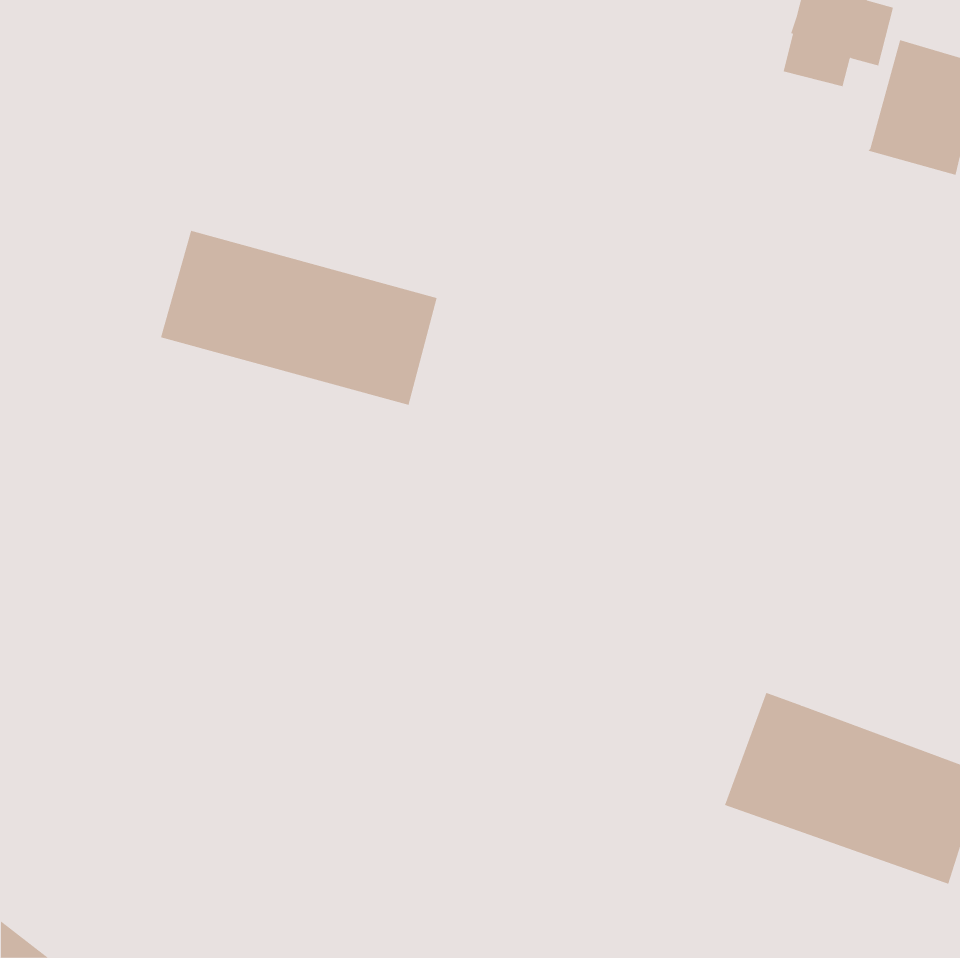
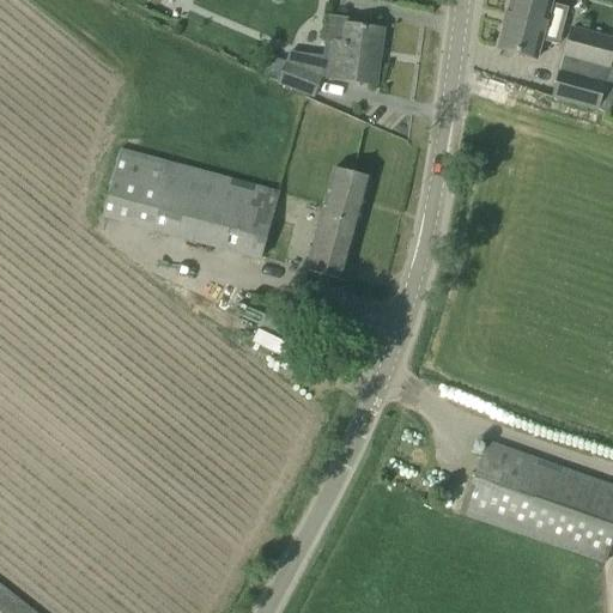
building: none -> [256,12,384,95]
building: none -> [306,165,372,277]

